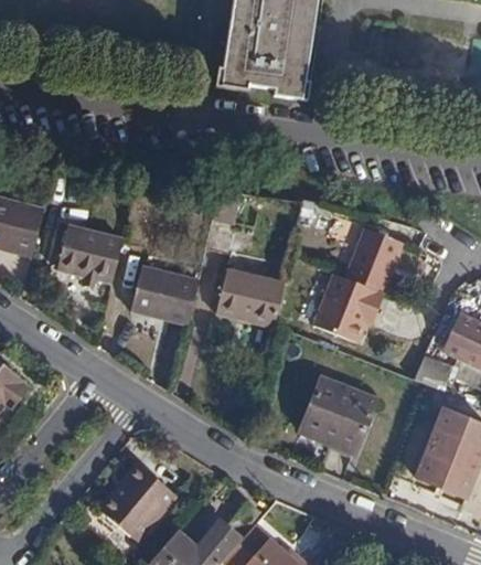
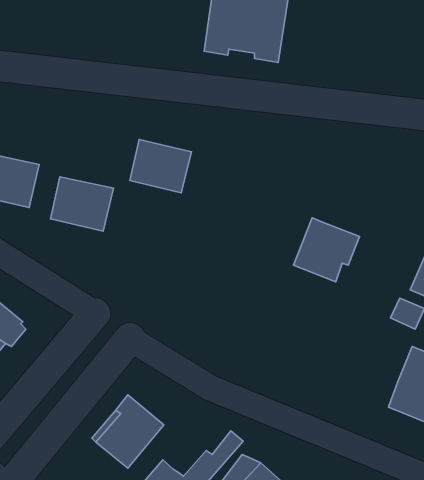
building: [346,225,405,290] -> none
building: [132,269,199,327] -> [130,139,192,193]
building: [218,274,284,330] -> none
building: [301,373,376,448] -> none

